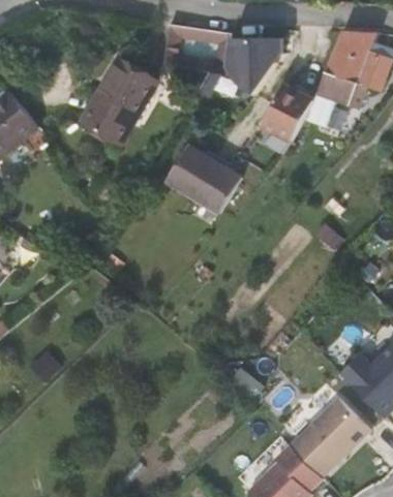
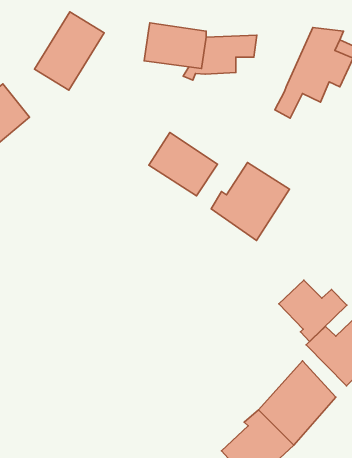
building: [83,58,158,143] -> [35,12,104,90]
building: [267,87,314,142] -> none
building: none -> [211,162,290,240]
building: none -> [279,280,347,342]

